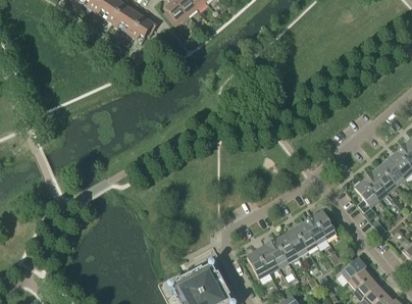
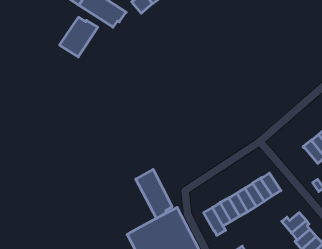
building: none -> [60,17,98,57]
building: [355,180,379,211] -> none
building: none -> [136,169,172,218]

